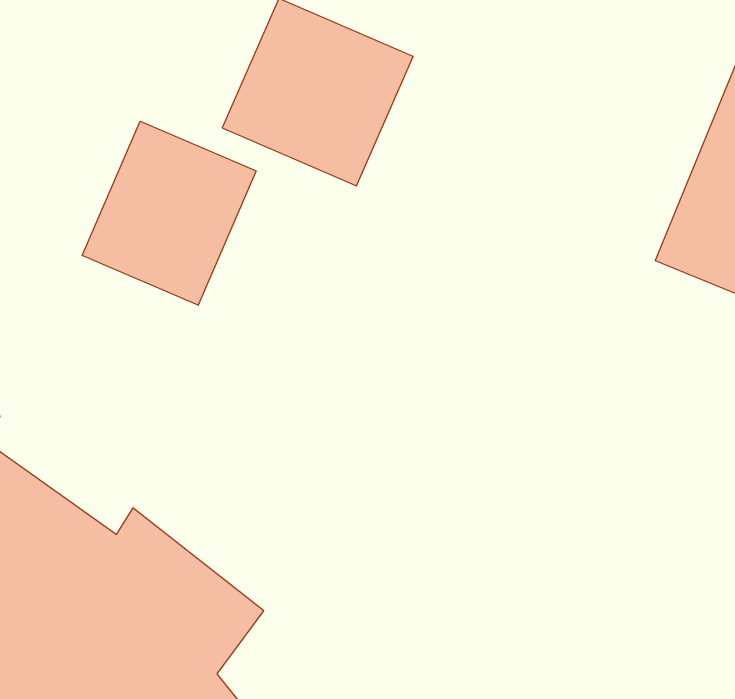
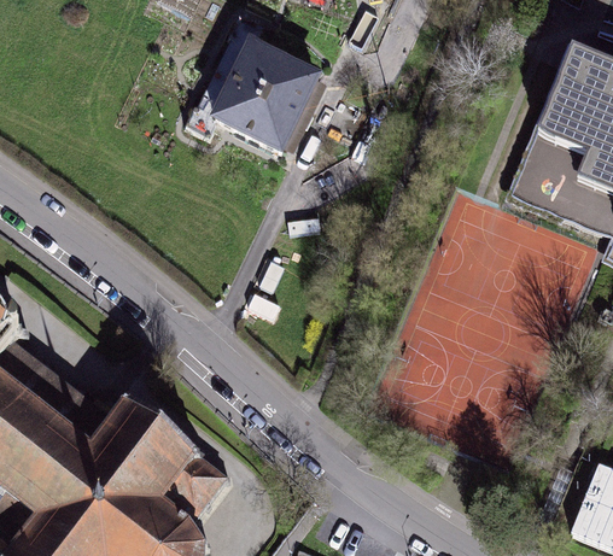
building: [82,121,256,305] -> none

